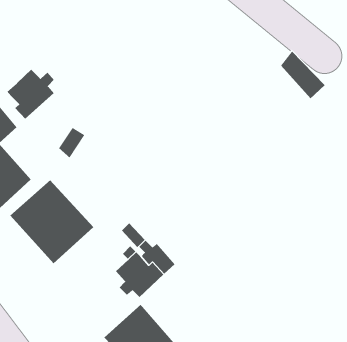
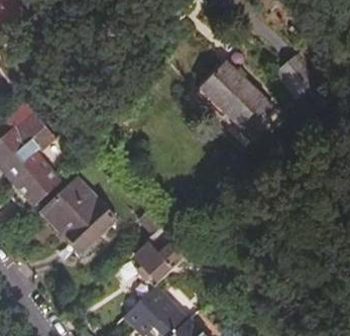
building: none -> [197,61,264,127]
building: [7,69,54,119] -> none

